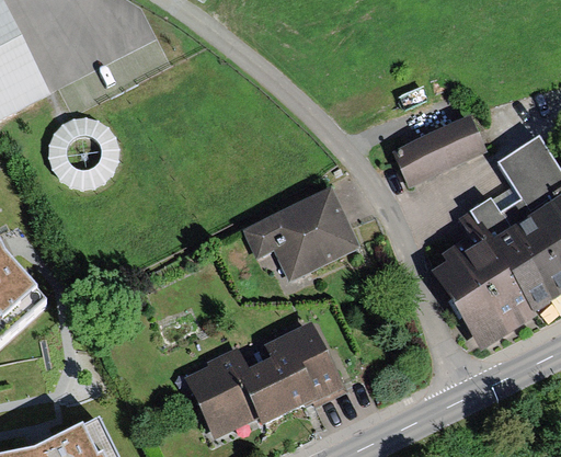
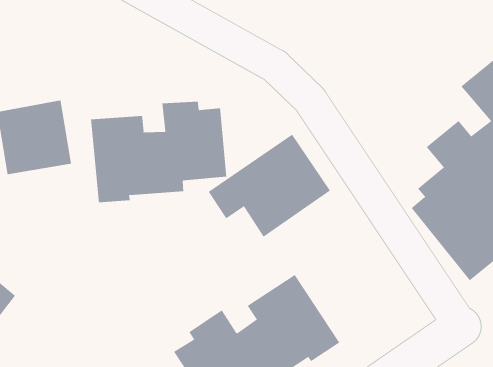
building: [390,116,481,185] -> none
building: none -> [91,101,227,203]

